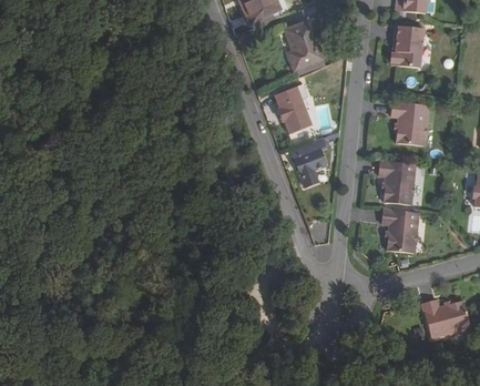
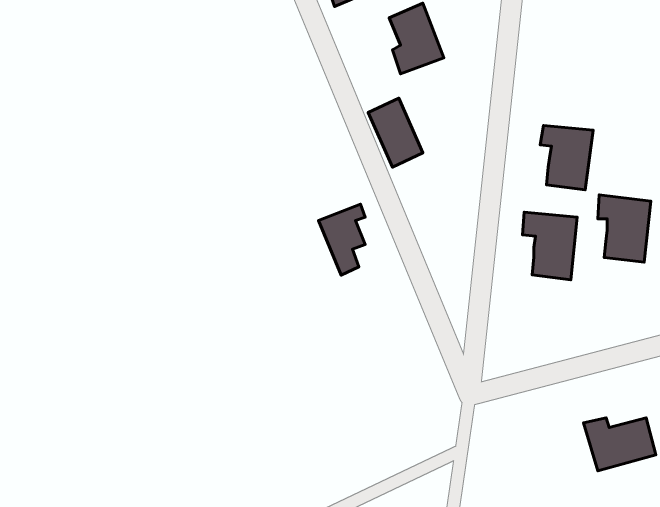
building: [391,21,426,63] -> none
building: [292,136,324,185] -> [319,204,365,275]
building: [382,211,419,257] -> [598,195,651,262]

